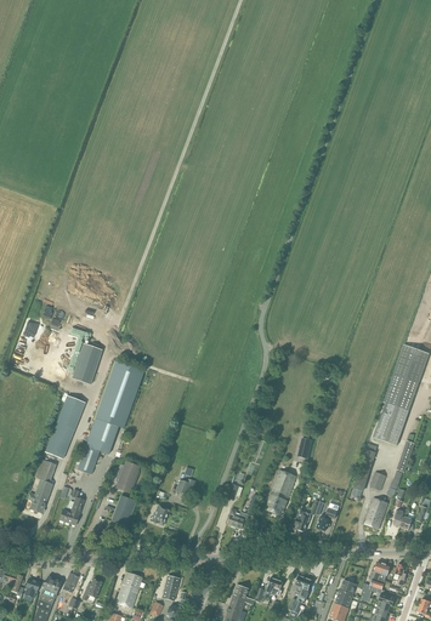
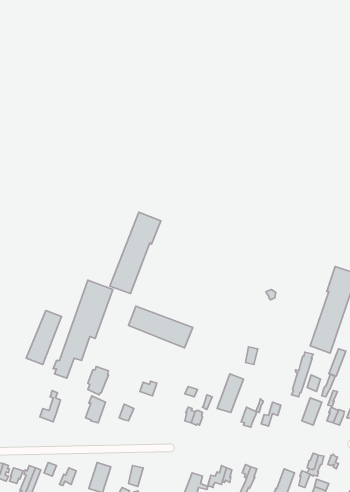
building: none -> [110,212,161,294]
building: [72,343,102,384] -> none
building: none -> [128,306,193,348]
building: [28,458,56,513] -> none

